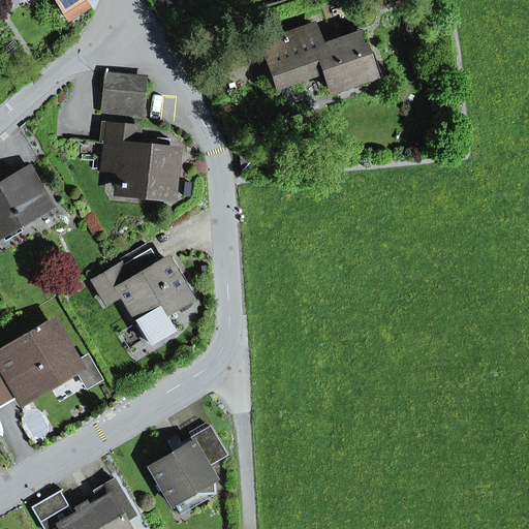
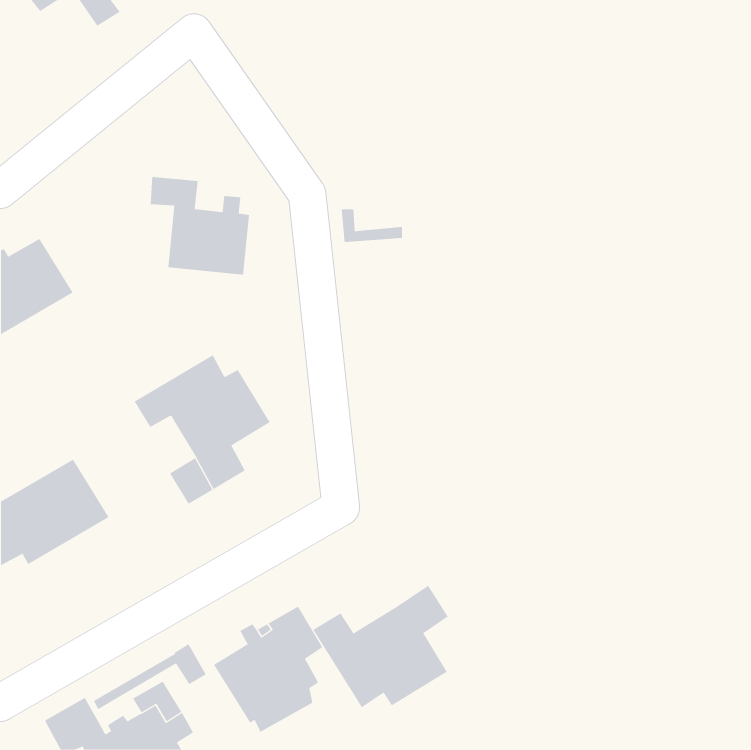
building: [261,26,373,90] -> none
building: [101,75,144,114] -> none
building: [20,356,99,403] -> [93,644,206,710]
building: none -> [313,585,448,708]

